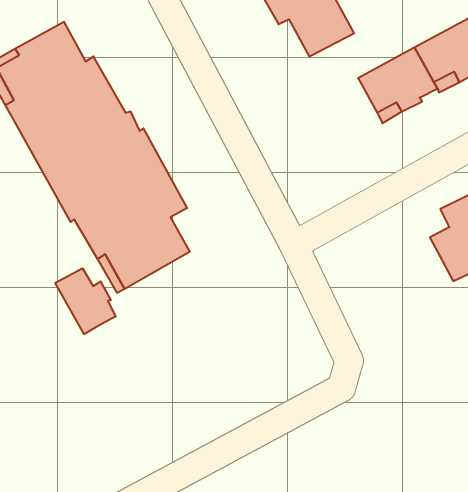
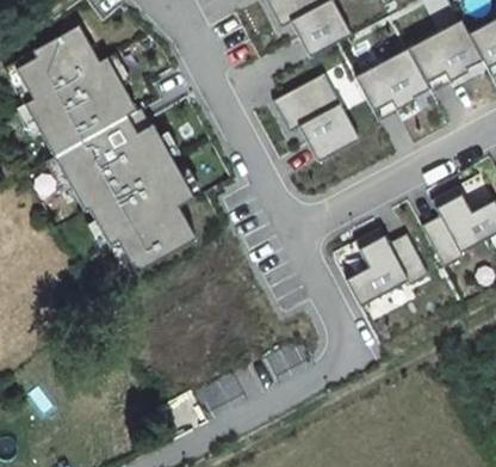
building: none -> [273,72,360,161]
building: none -> [345,226,428,306]
building: [55,268,116,334] -> none

